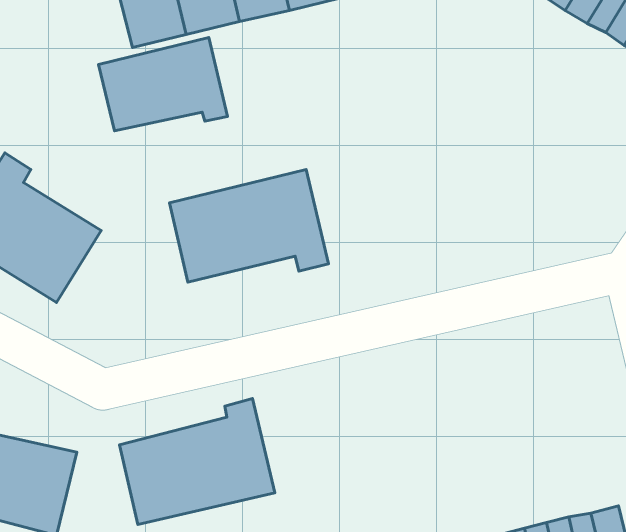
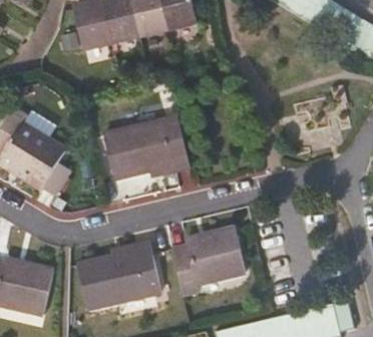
building: [99,38,228,131] -> none
building: none -> [171,227,245,295]

